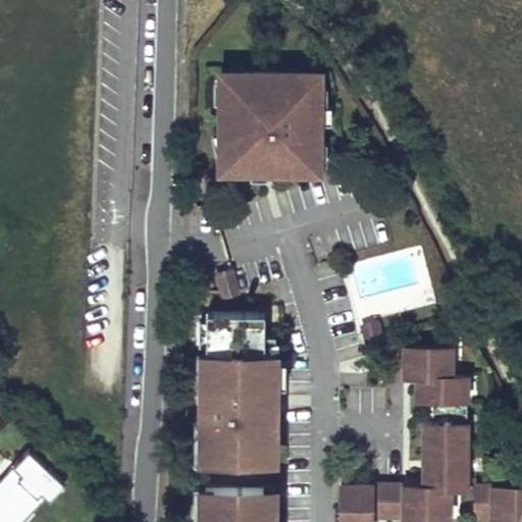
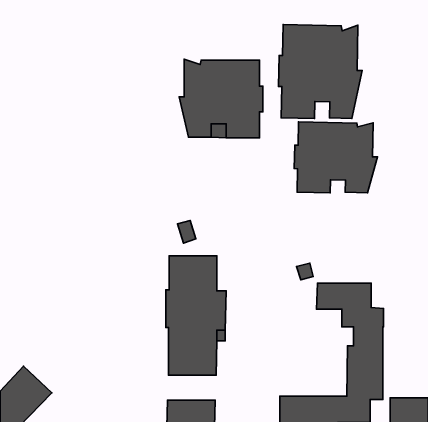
building: none -> [278,24,362,118]
building: none -> [294,122,377,193]

